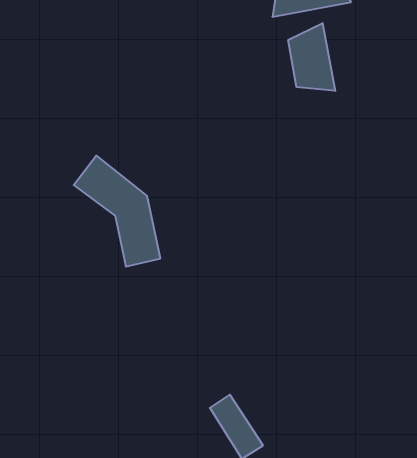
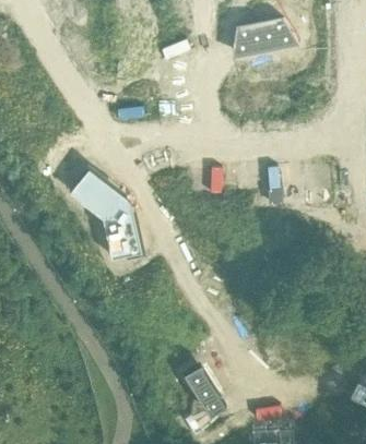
building: [288,23,335,91] -> none

